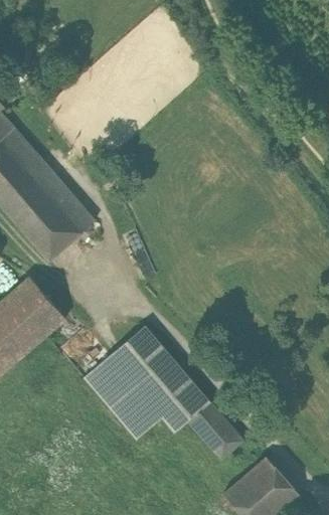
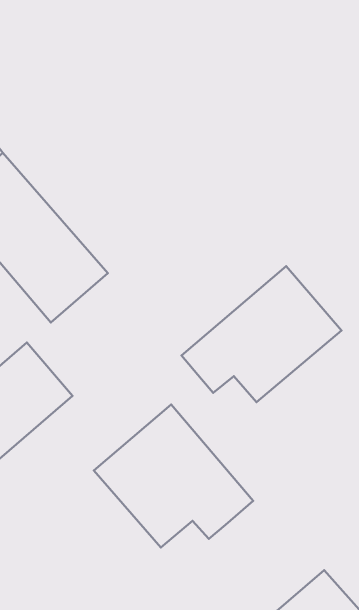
building: none -> [182,266,342,402]
building: [188,401,242,458] -> none

